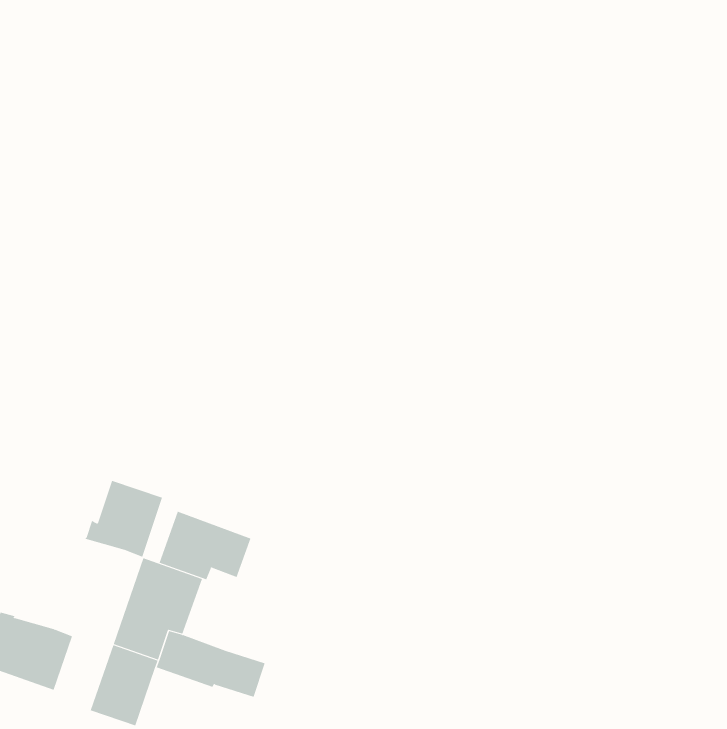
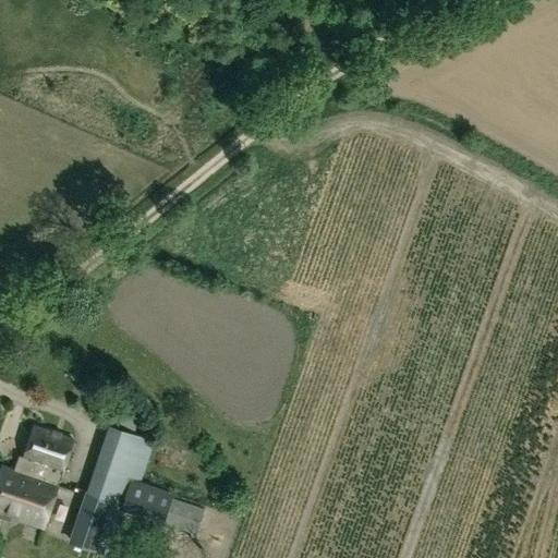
building: [84,480,163,557] -> [11,427,71,486]
building: [159,511,251,580] -> none

